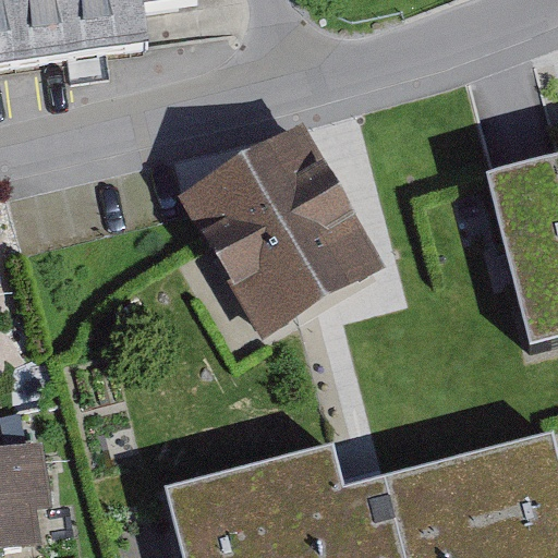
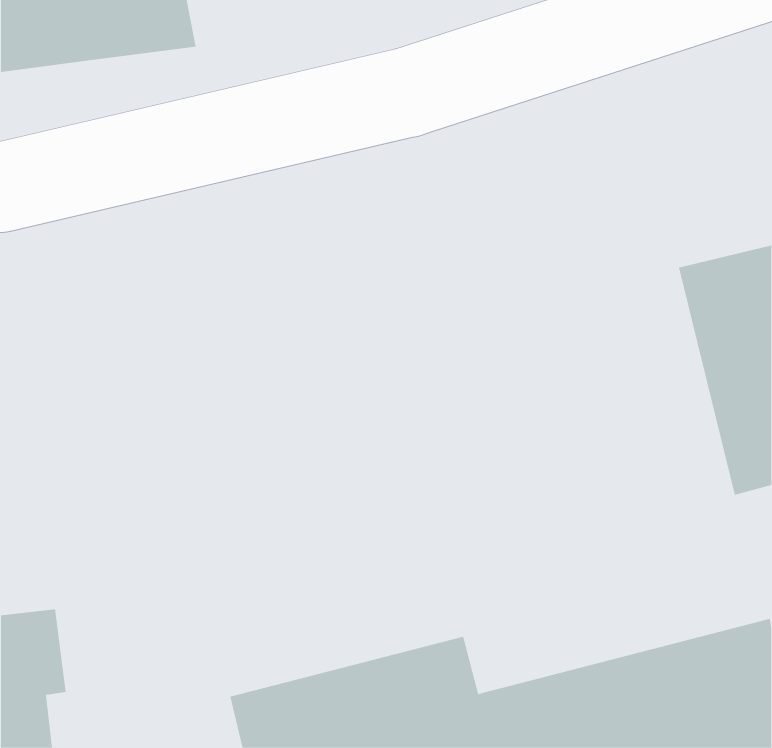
building: [179,131,387,345] -> none

